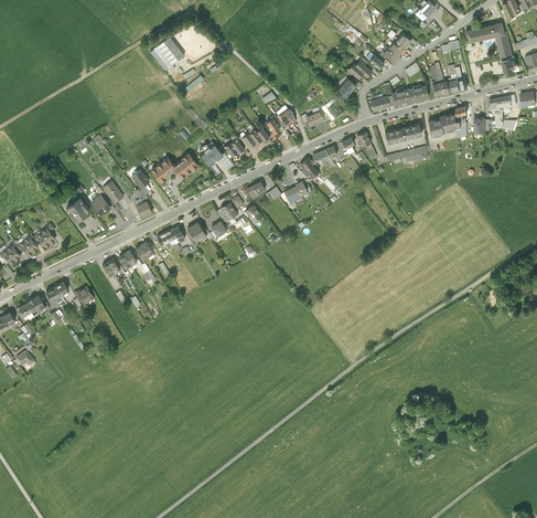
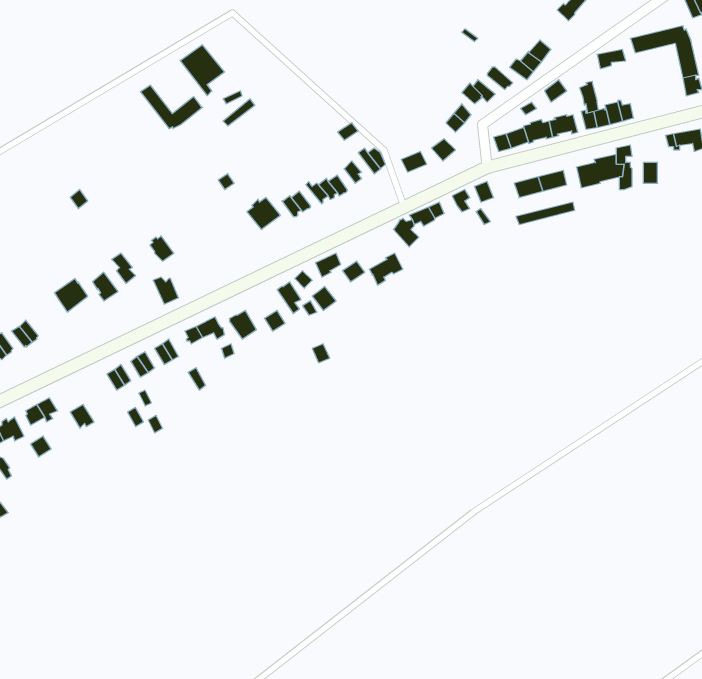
building: none -> [141,85,203,129]
building: [151,152,197,182] -> none

